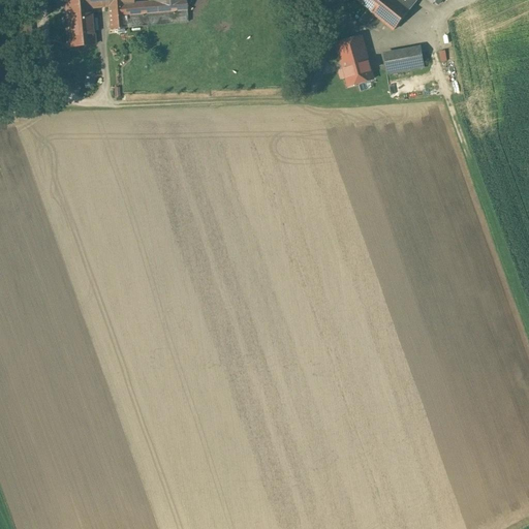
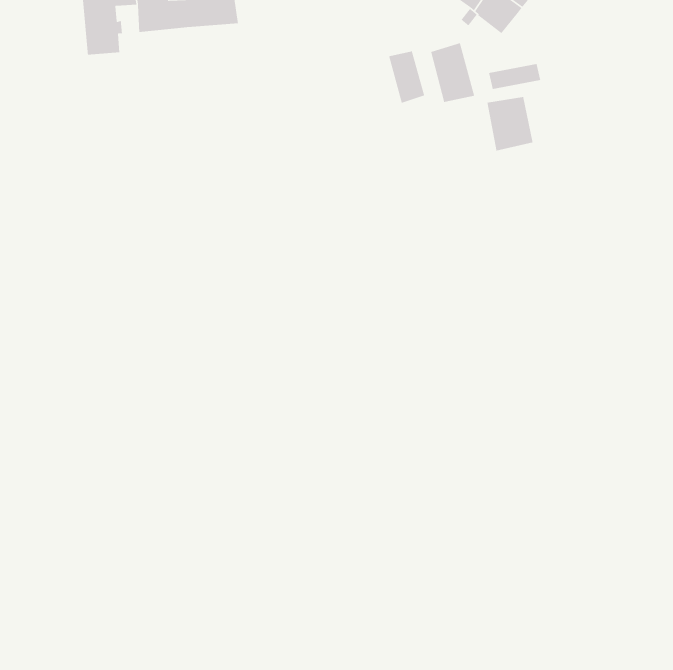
building: none -> [388,50,425,104]
building: none -> [487,96,533,152]

